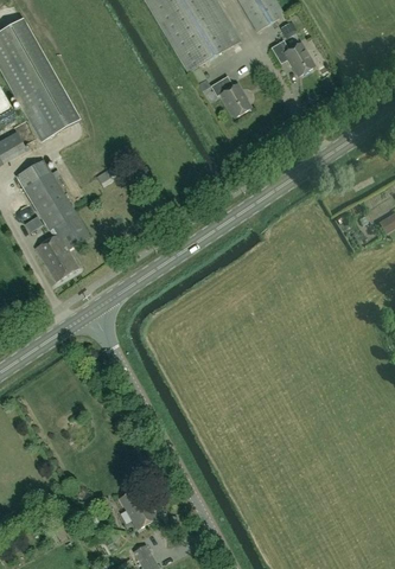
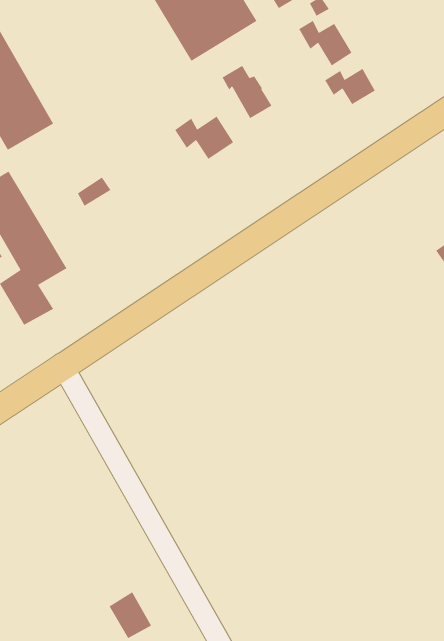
building: none -> [324,68,376,105]
building: none -> [174,115,234,160]

